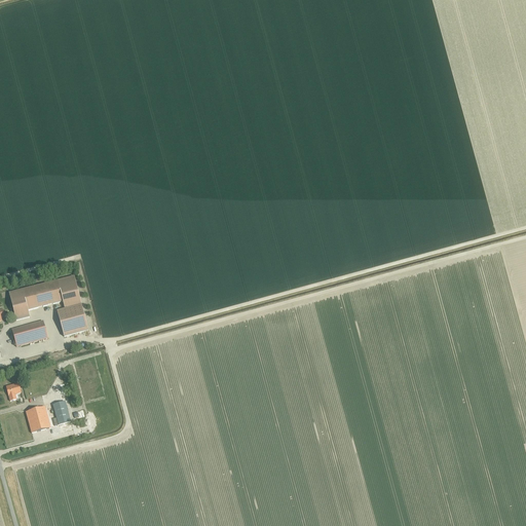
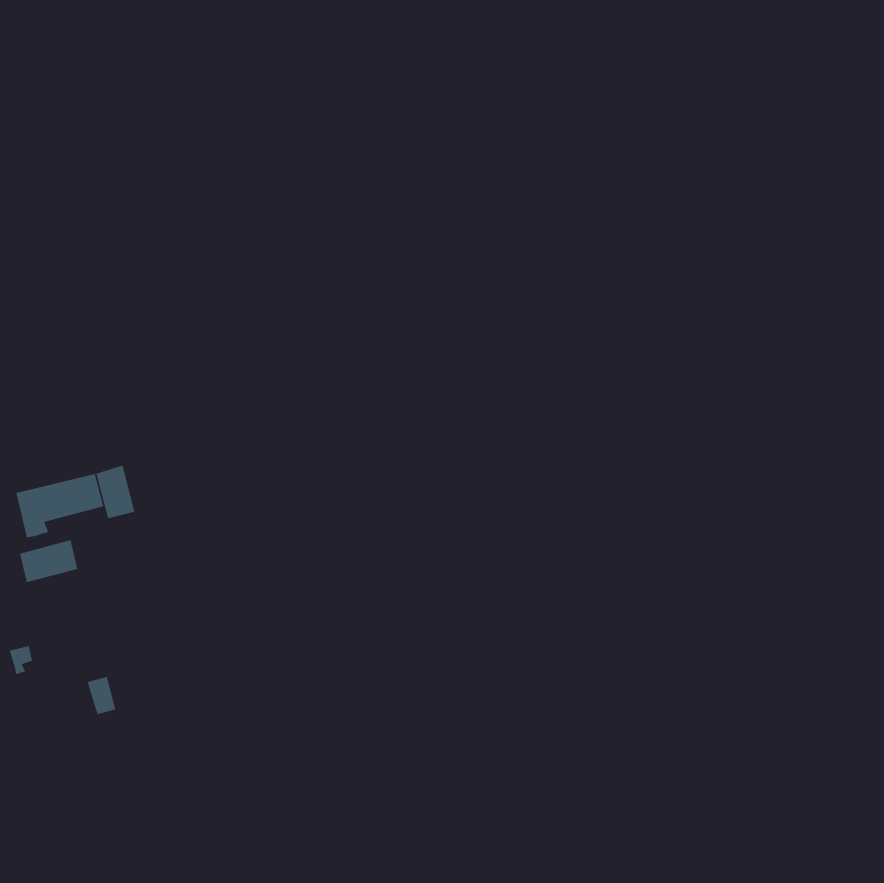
building: [57,303,87,335] -> none
building: [25,406,49,431] -> none

